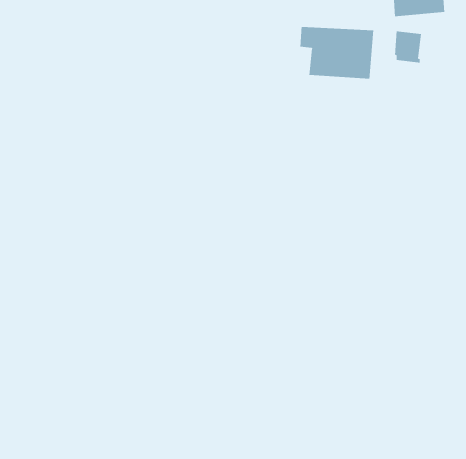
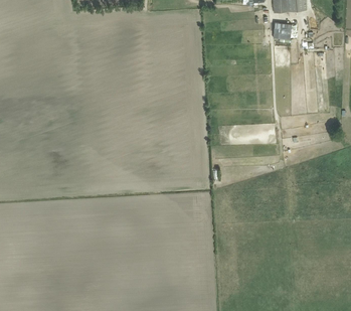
building: [300,26,374,79] -> none

